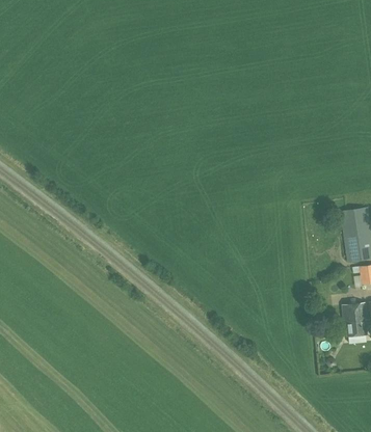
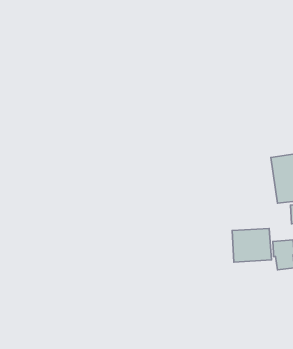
building: none -> [232,228,272,262]

